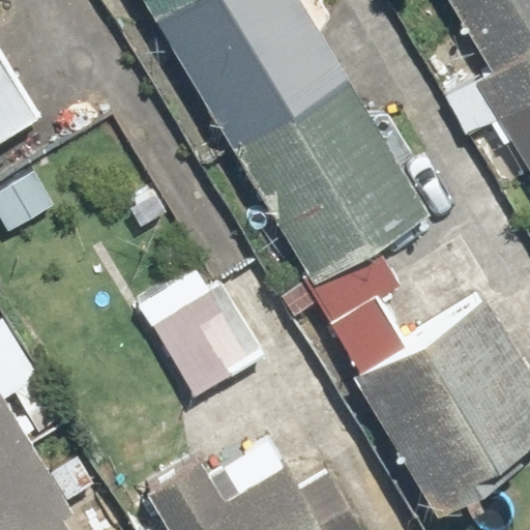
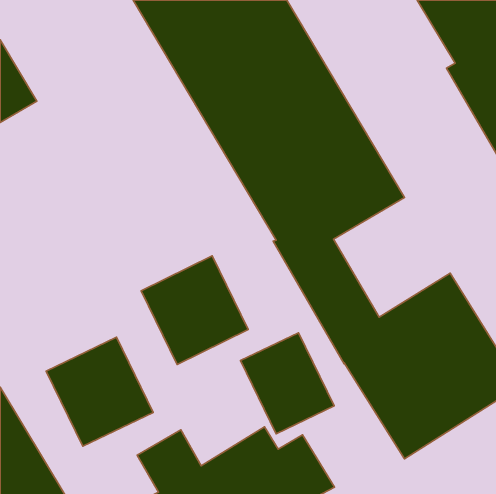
building: none -> [241,333,334,434]
building: none -> [46,337,153,446]

